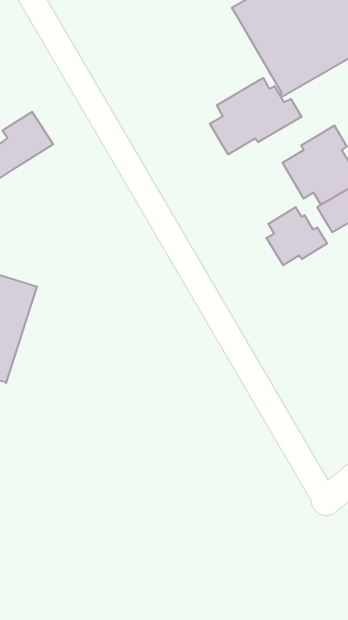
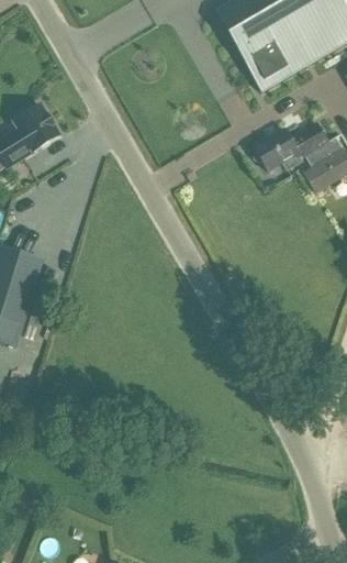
building: [210,78,302,154] -> none
building: [266,207,327,265] -> none

